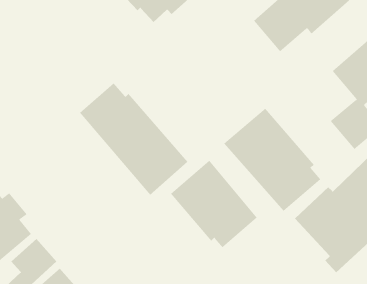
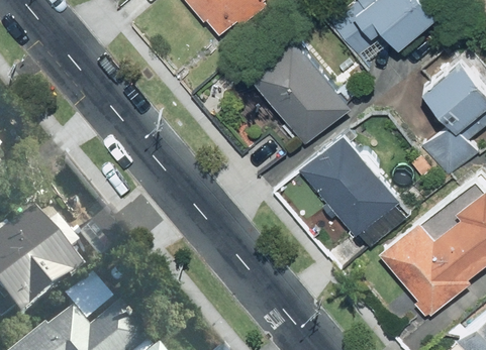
building: none -> [244,29,350,138]
building: [79,82,188,195] -> none
building: [170,160,258,248] -> none

